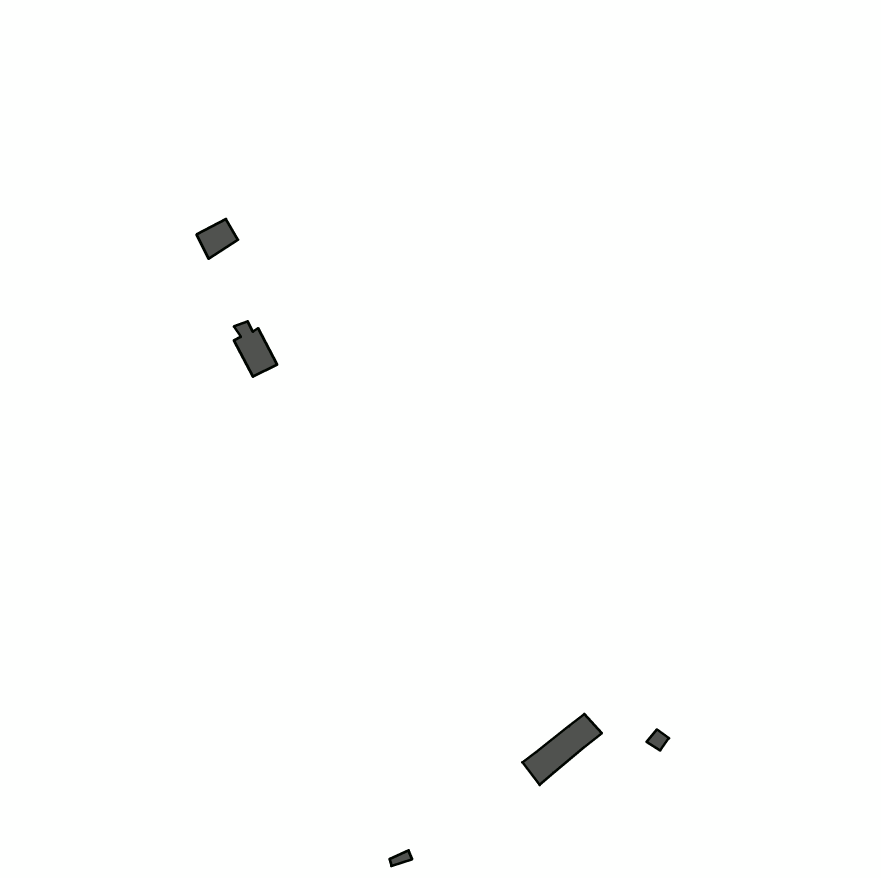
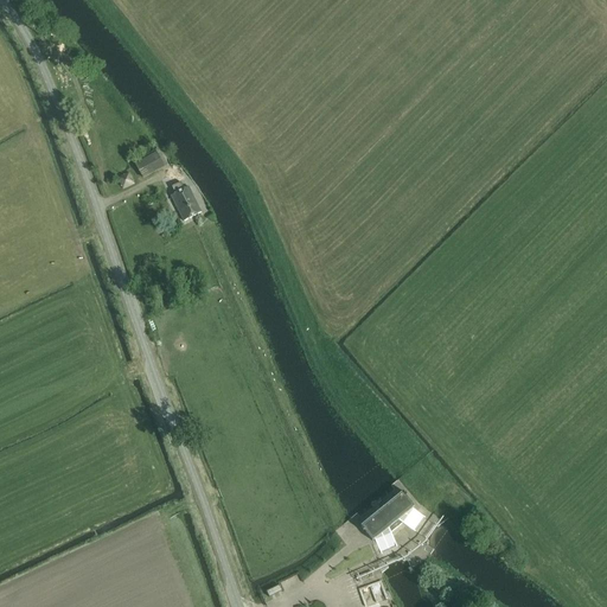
building: [234,321,277,377] -> [171,181,200,219]

